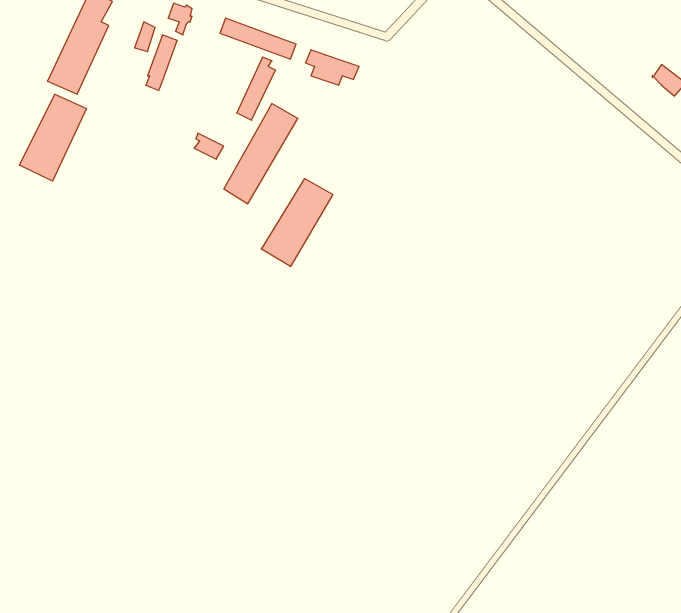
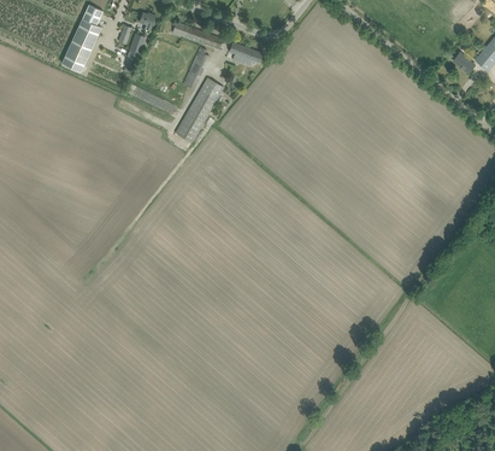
building: [19,94,86,181] -> none
building: [261,179,333,267] -> none

